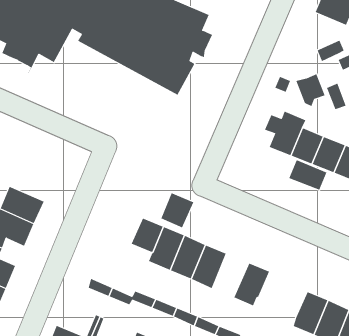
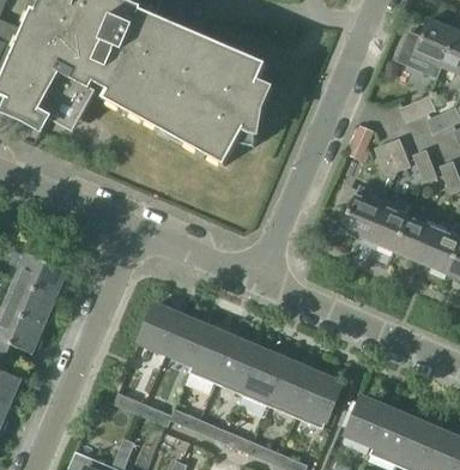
building: [289,159,327,190] -> none
building: none -> [16,251,72,297]
building: [161,193,194,228] -> [140,306,182,350]
building: none -> [270,362,315,417]
building: none -> [347,398,388,442]

